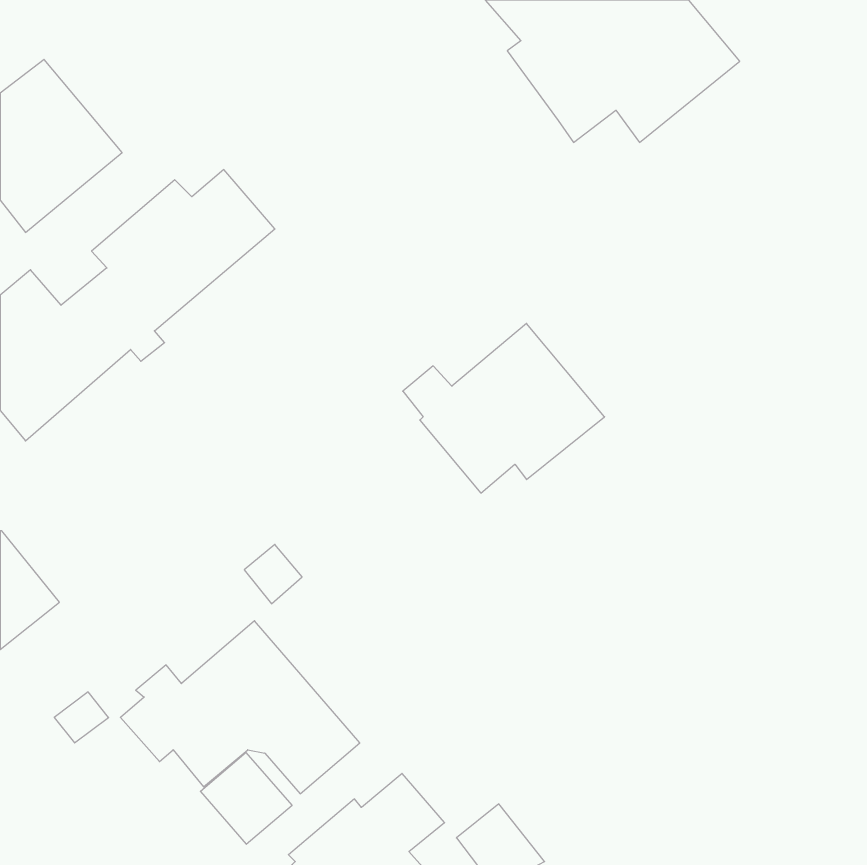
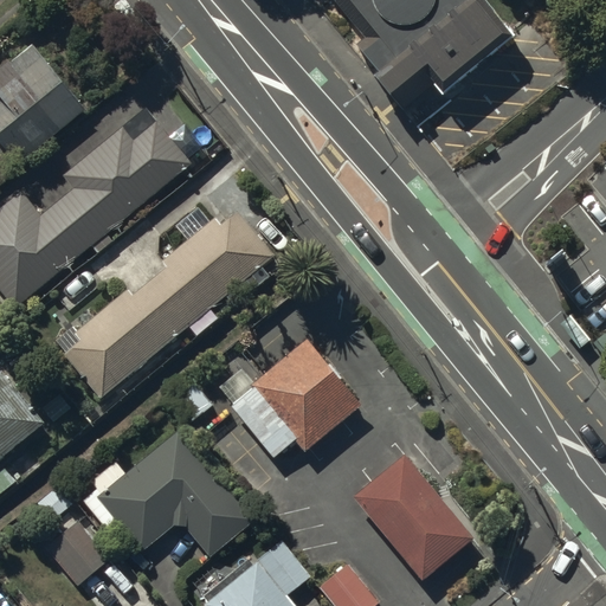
building: none -> [54,211,273,398]
building: [403,323,605,493] -> [219,340,360,458]
building: none -> [354,453,472,578]
building: [200,753,292,844] -> [45,522,109,586]

